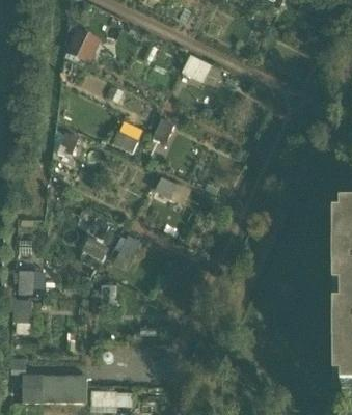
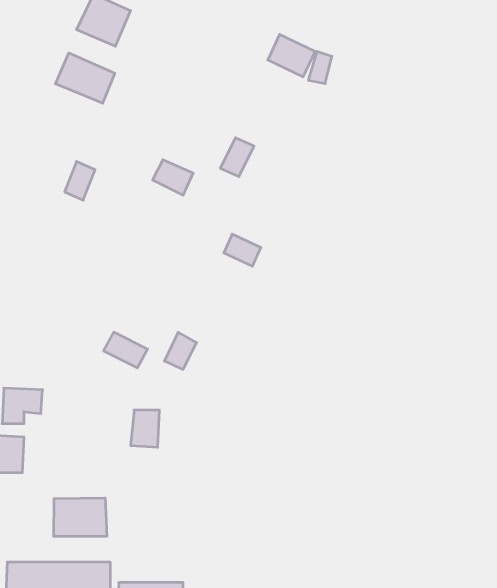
building: none -> [55,53,115,103]
building: none -> [54,498,107,536]

